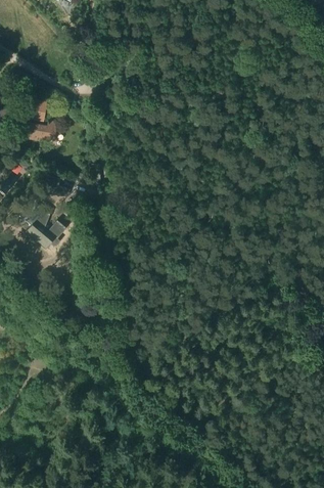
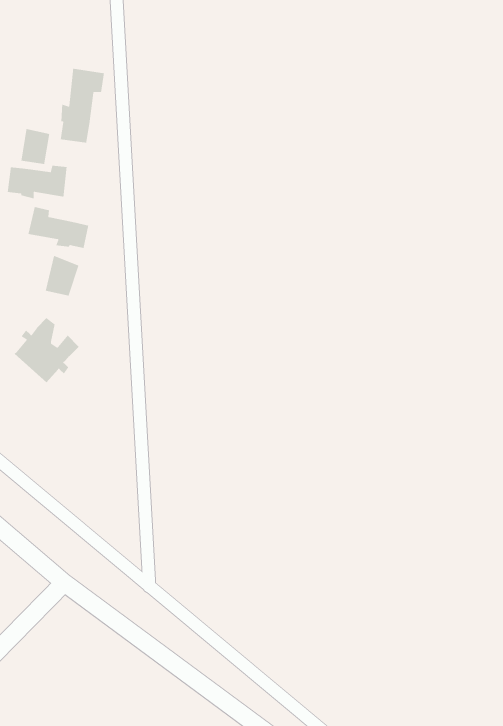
building: none -> [60,68,105,144]
building: none -> [28,206,89,249]

